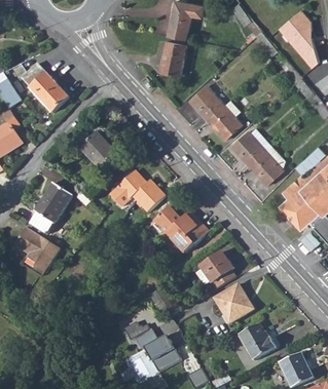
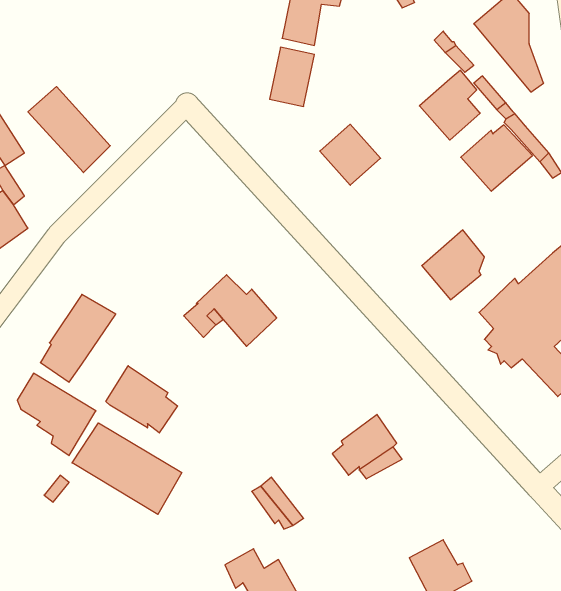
building: [206,99,241,139] -> [419,70,480,140]
building: [229,127,270,165] -> [461,125,532,191]
building: [76,131,115,168] -> none
building: [151,205,208,251] -> none
building: none -> [106,366,178,433]
building: none -> [72,423,182,514]
building: [214,284,252,322] -> none

